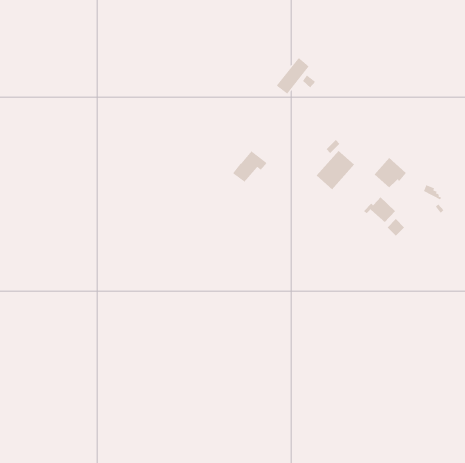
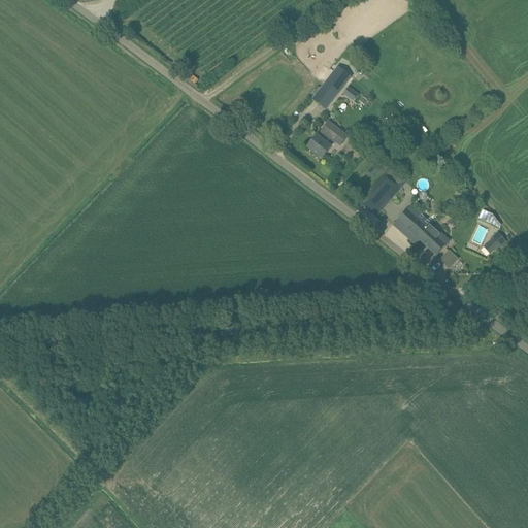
building: [232,151,268,182] -> [307,121,348,157]
building: [374,157,407,188] -> [394,204,431,239]

